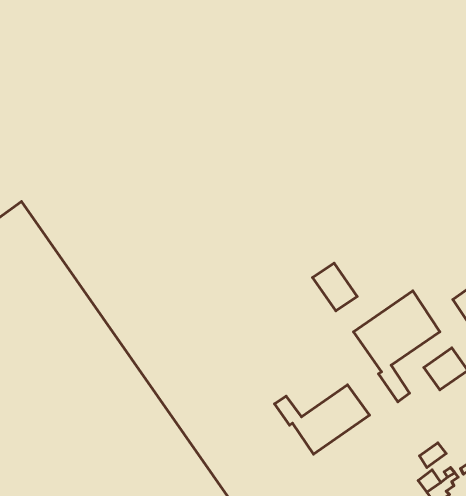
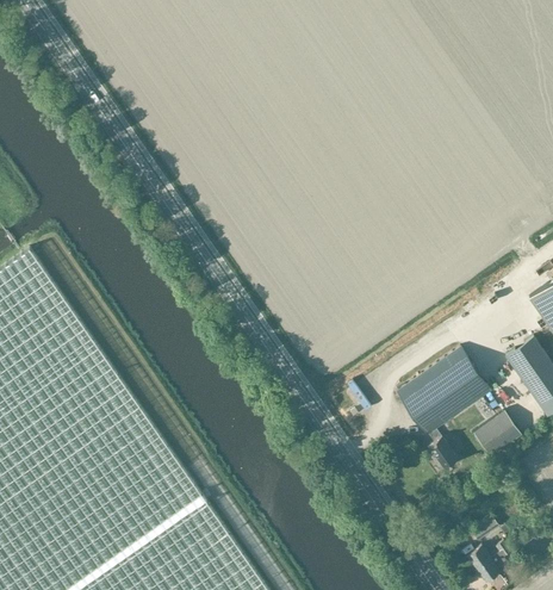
building: [313,263,357,311] -> none
building: [275,385,370,454] -> none

